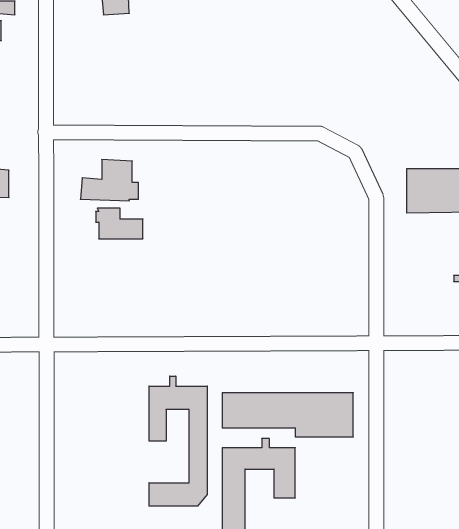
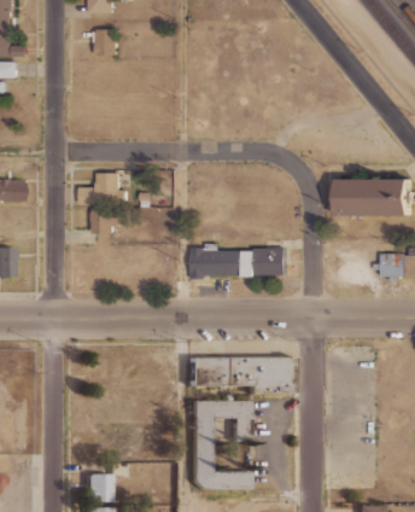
building: none -> [192,244,287,279]
building: [149,376,207,506] -> none

